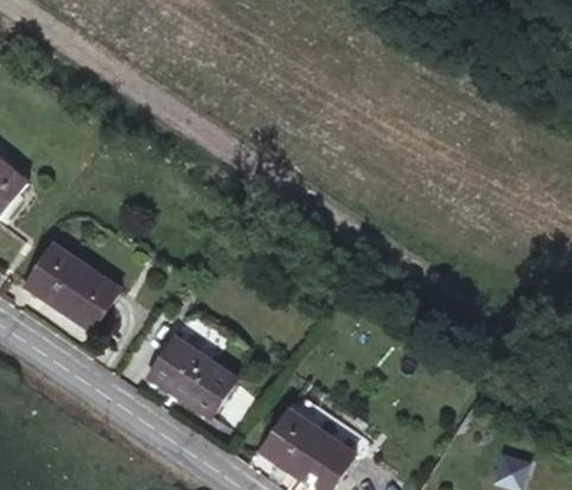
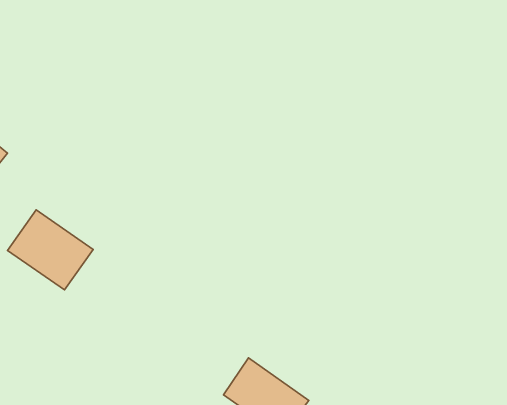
building: [146,331,237,418] -> none

